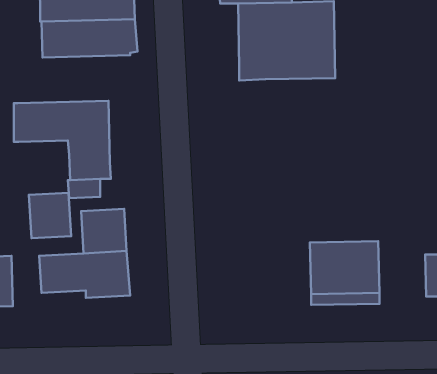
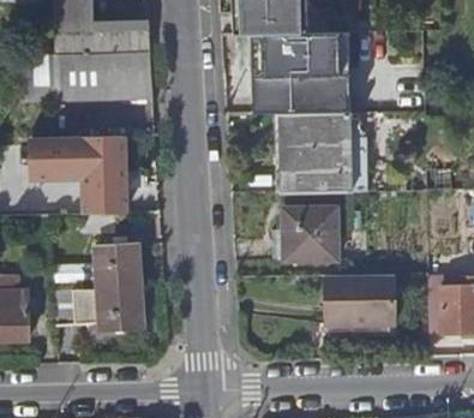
building: none -> [280,111,350,196]
building: none -> [287,209,341,262]
building: [29,193,71,238] -> none

